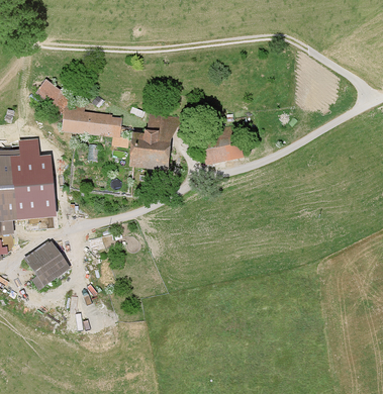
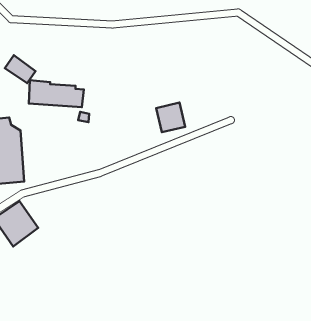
building: [127,112,183,168] -> none

